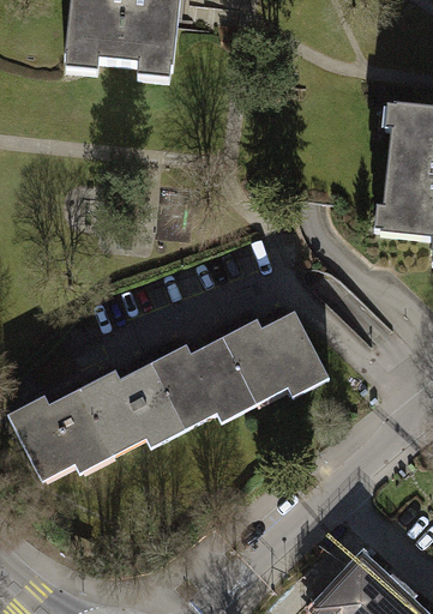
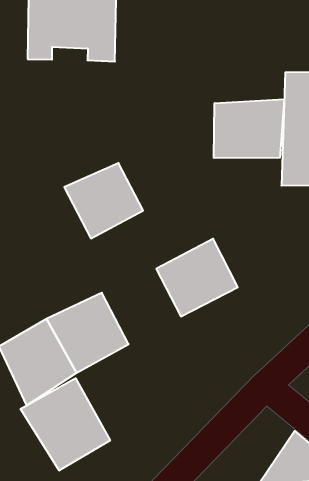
building: none -> [214,99,284,158]
building: [142,341,236,431] -> [64,163,143,238]
building: none -> [21,378,110,471]

